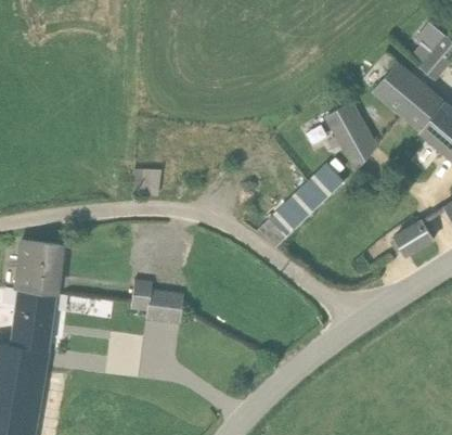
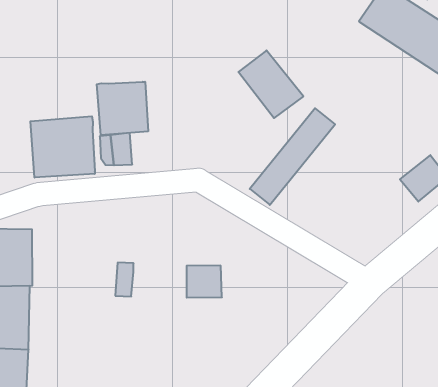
building: [324,101,379,162] -> [238,50,303,118]
building: none -> [97,82,148,135]
building: none -> [30,116,95,178]
building: [144,292,178,323] -> [187,266,222,298]

